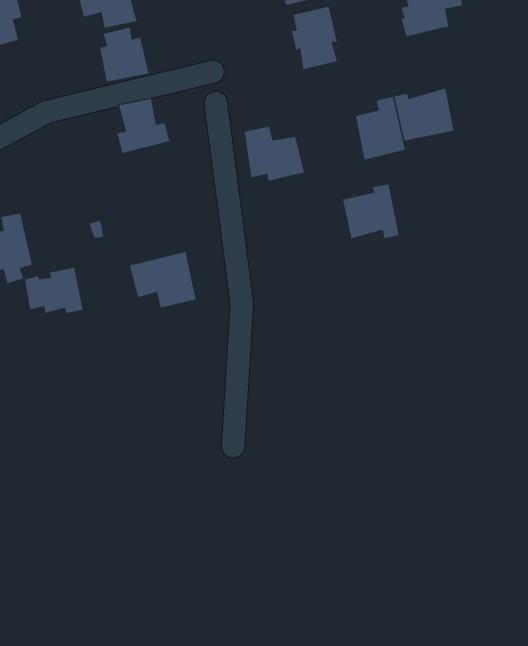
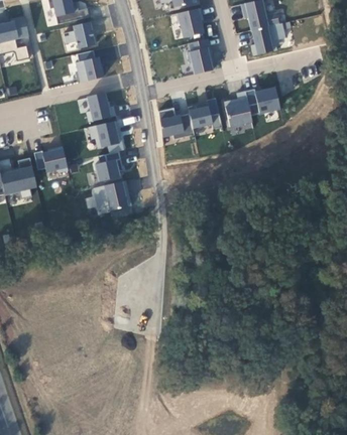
building: none -> [87,120,120,150]
building: [342,183,400,239] -> [188,98,221,130]
building: none -> [94,152,123,184]
building: [24,267,83,314] -> [33,146,68,173]

